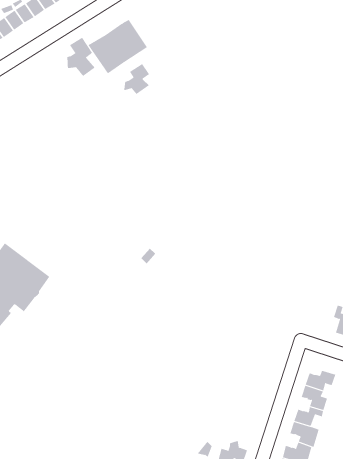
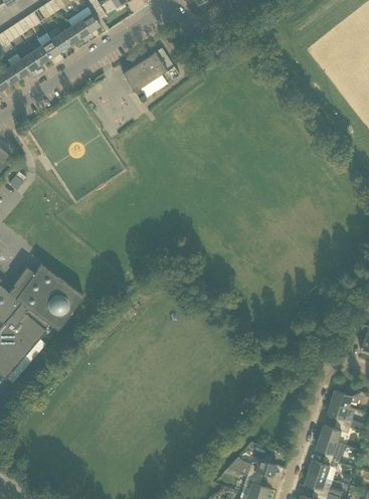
building: [67,37,95,77] -> none
building: [123,63,150,95] -> none

